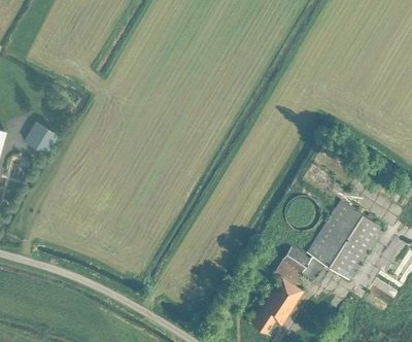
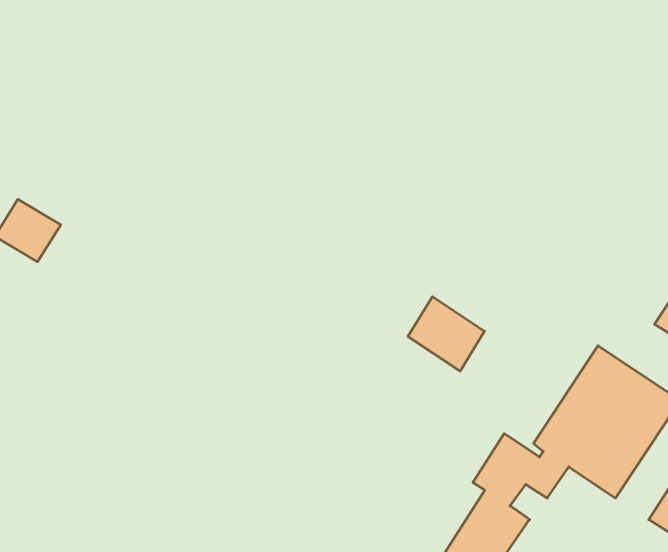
building: none -> [408,297,485,371]

